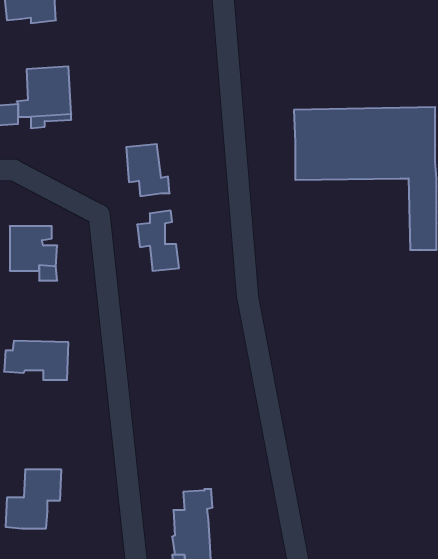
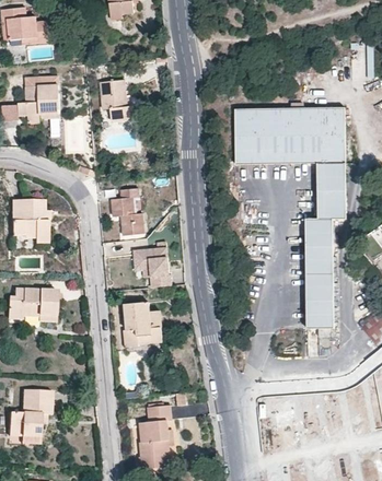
building: [126,144,170,196] -> [101,80,135,120]
building: none -> [305,219,334,328]
building: none -> [134,248,172,288]
building: none -> [125,302,163,347]

